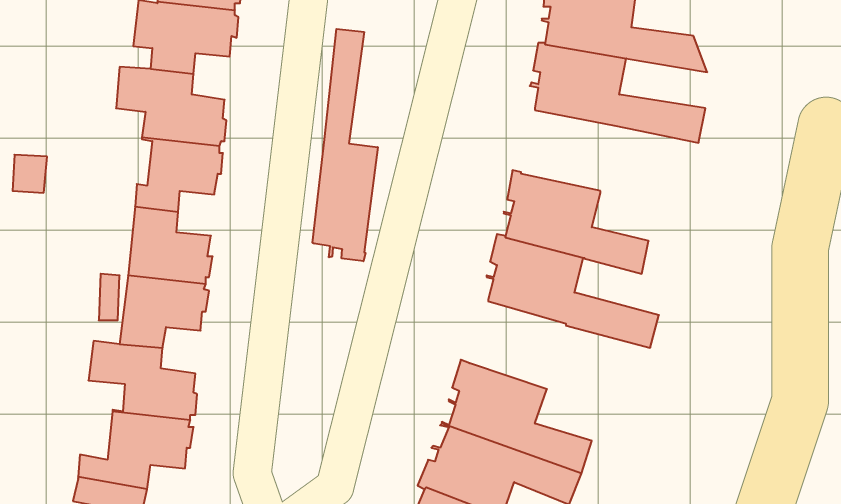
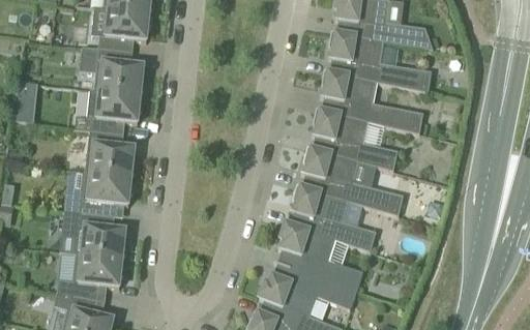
building: [313,29,378,261] -> none
building: none -> [319,70,423,133]
building: none -> [289,185,376,251]

